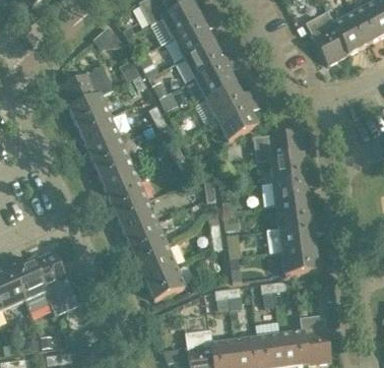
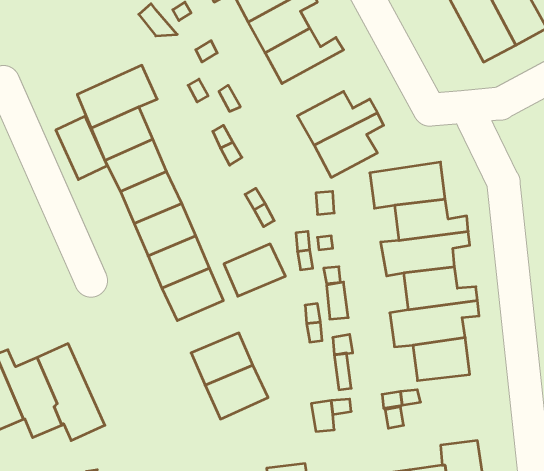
building: [195,56,240,100] -> none
building: none -> [56,116,107,180]
building: [126,222,167,256] -> [224,244,285,296]

